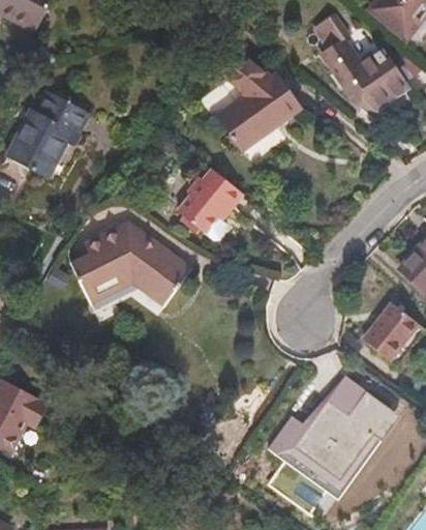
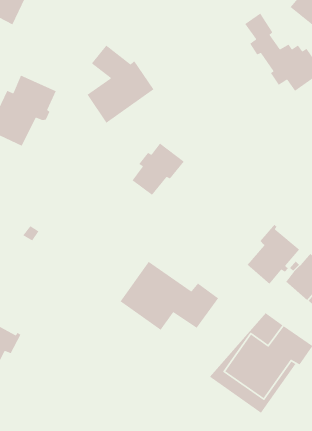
building: [218,54,300,149] -> [87,45,154,124]
building: [72,239,190,304] -> none
building: none -> [246,224,300,285]
building: none -> [119,261,219,331]

